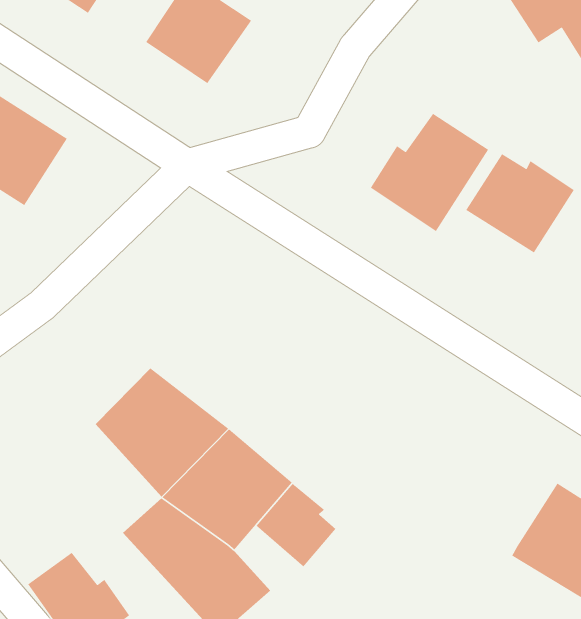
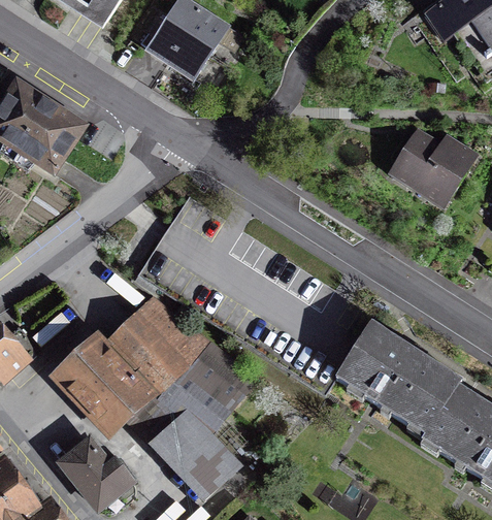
building: [370,113,489,232] -> none
building: none -> [337,319,464,431]
building: none -> [47,329,159,442]
building: [256,483,336,568] -> none

